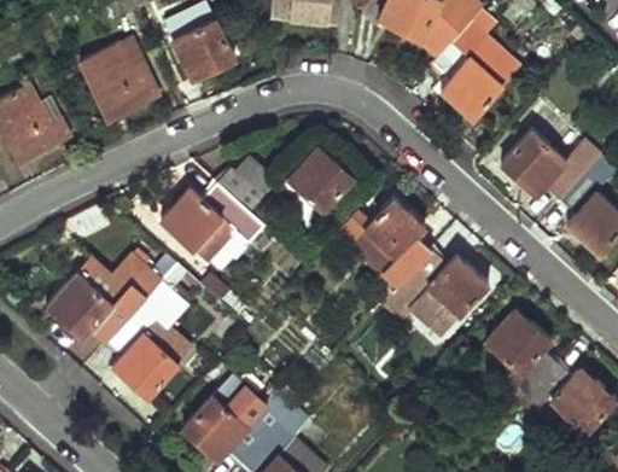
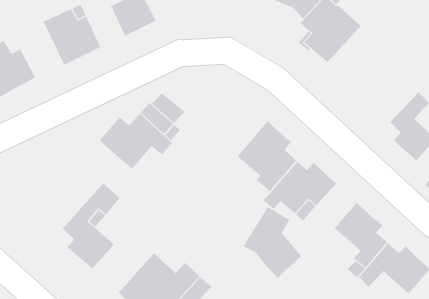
building: [499,130,599,198] -> none
building: [285,148,350,212] -> none
building: [45,255,163,345] -> none
building: none -> [243,206,302,279]

